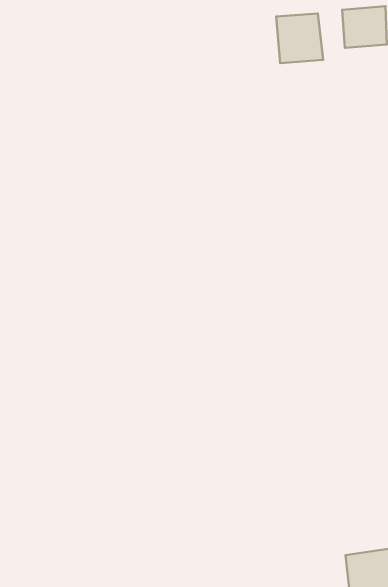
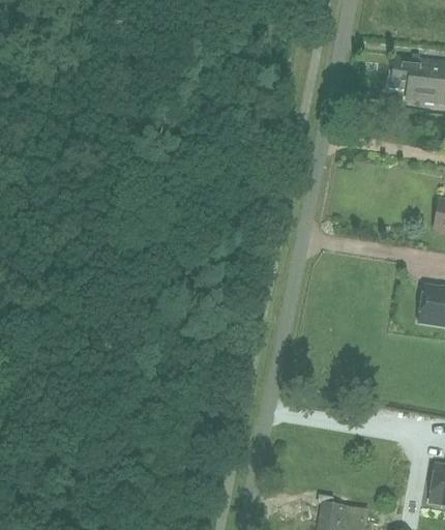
building: [276,13,323,63] -> none

